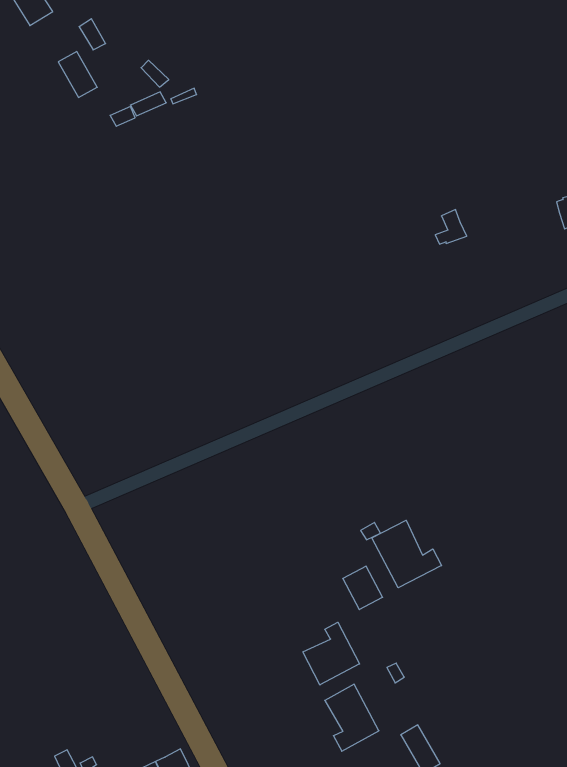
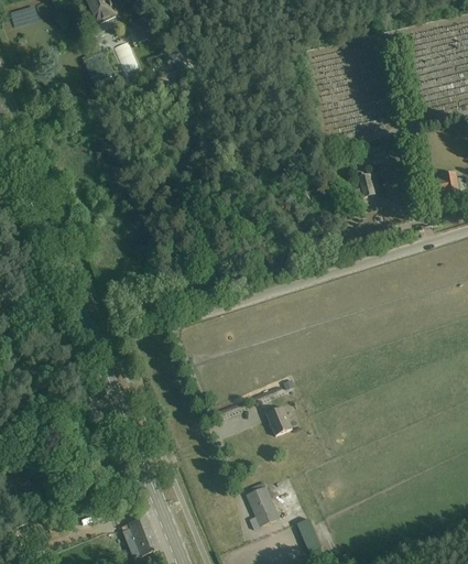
building: [372,520,442,588] -> none
building: [303,622,360,685] -> none

